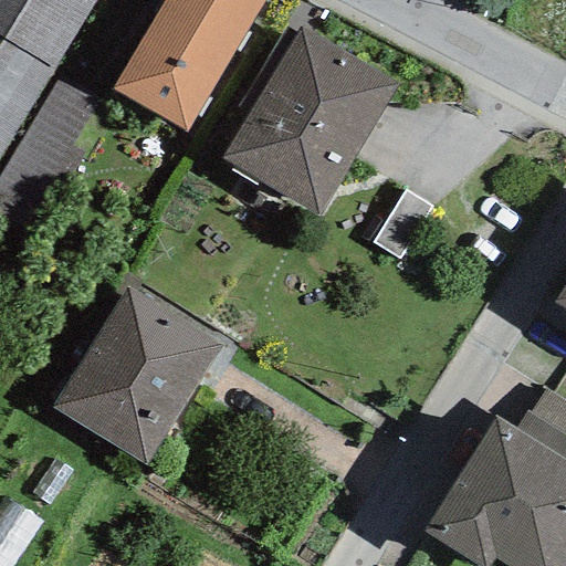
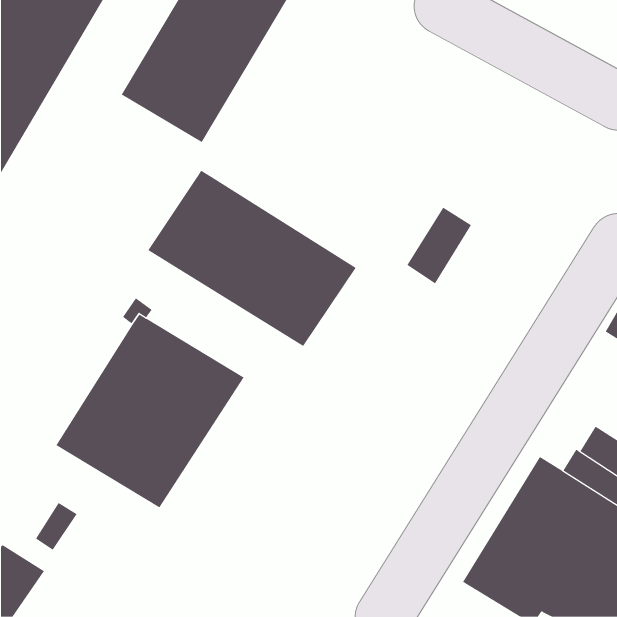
building: [220,27,399,216] -> none
building: none -> [148,170,357,347]

